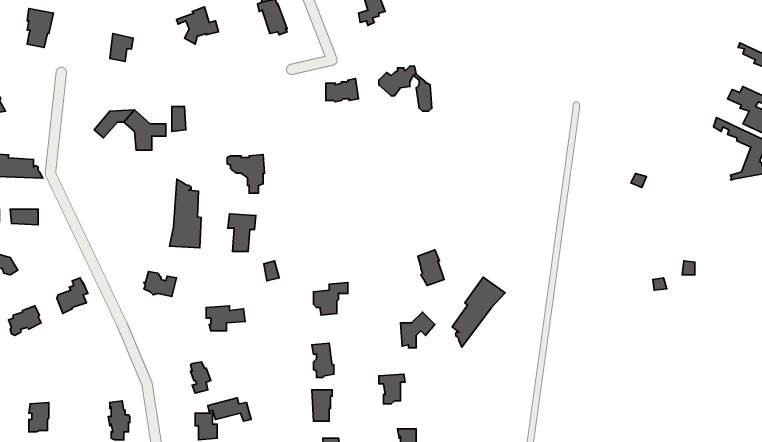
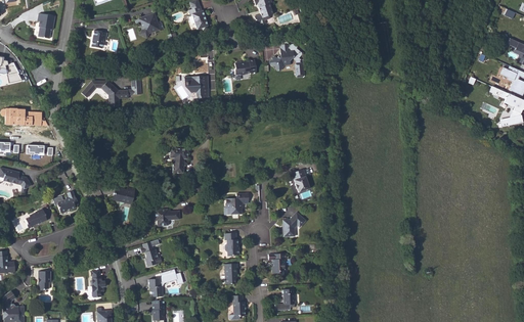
building: [227,154,265,193] -> [183,76,208,101]
building: [169,179,201,248] -> none
building: [452,277,505,347] -> none

